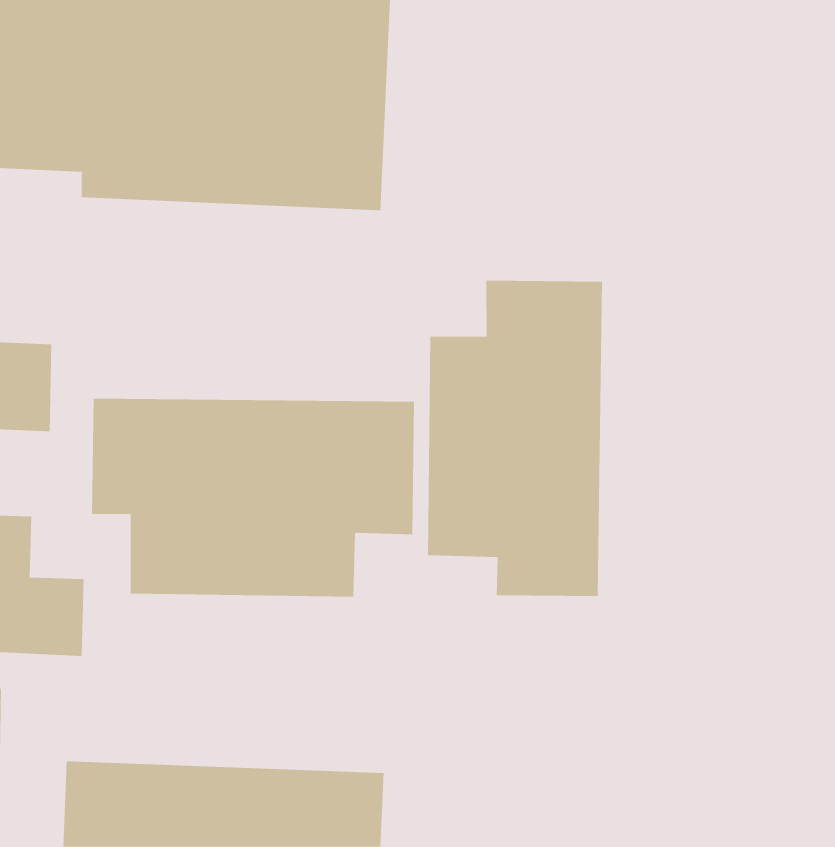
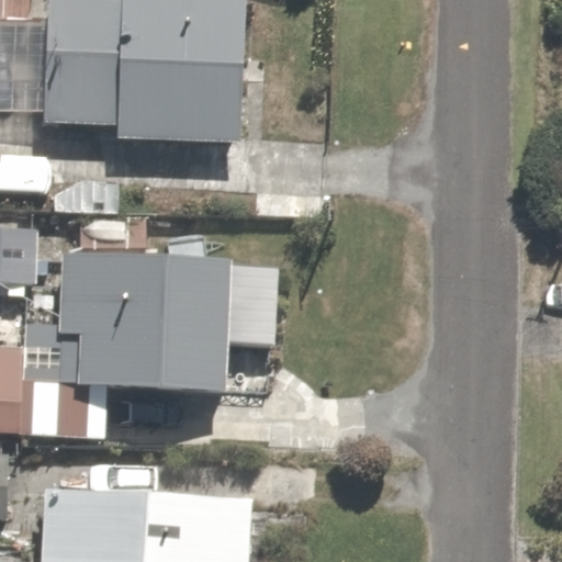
building: [428,280,603,597] -> none

